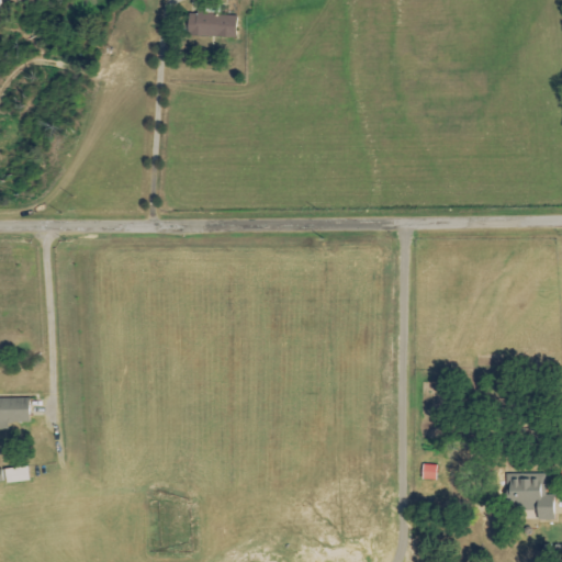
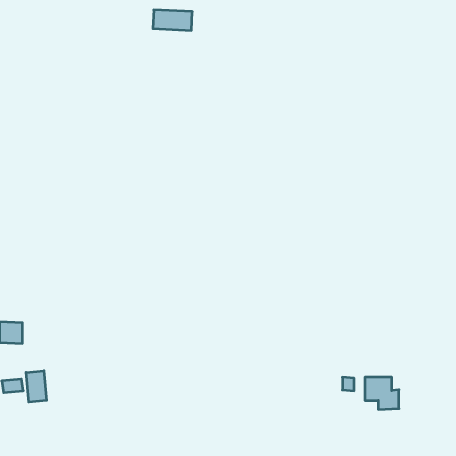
building: none -> [26,371,47,402]
building: [510,480,552,519] -> [365,377,399,409]

